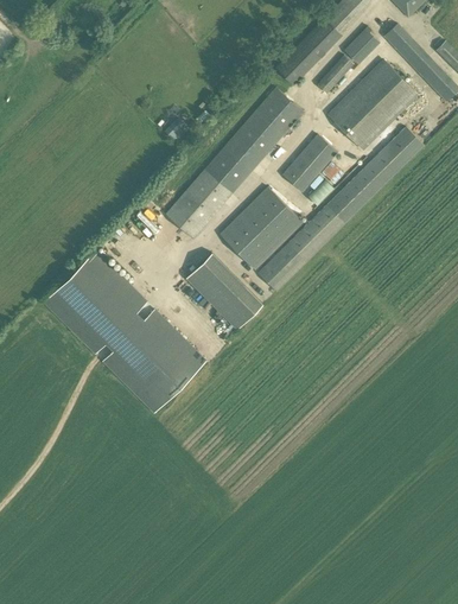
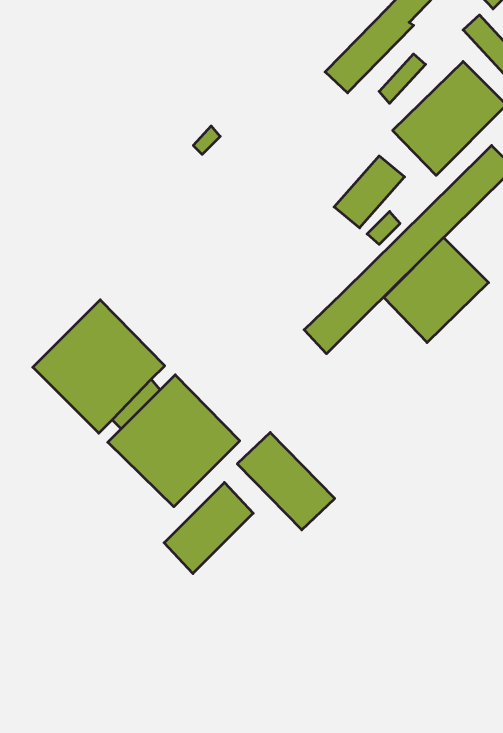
building: [344,26,380,64] -> none
building: [164,88,301,237] -> none
building: [220,187,303,271] -> [384,238,489,343]
building: [185,253,262,330] -> [237,432,335,530]
building: none -> [164,482,253,574]

